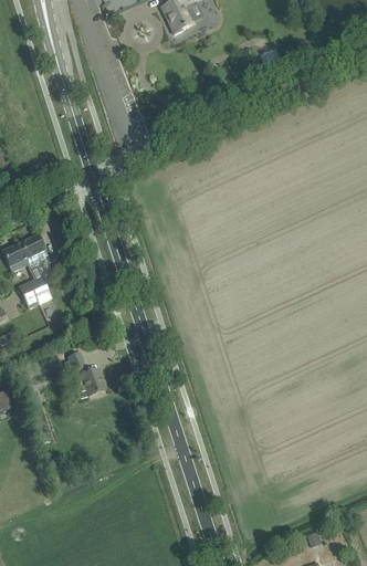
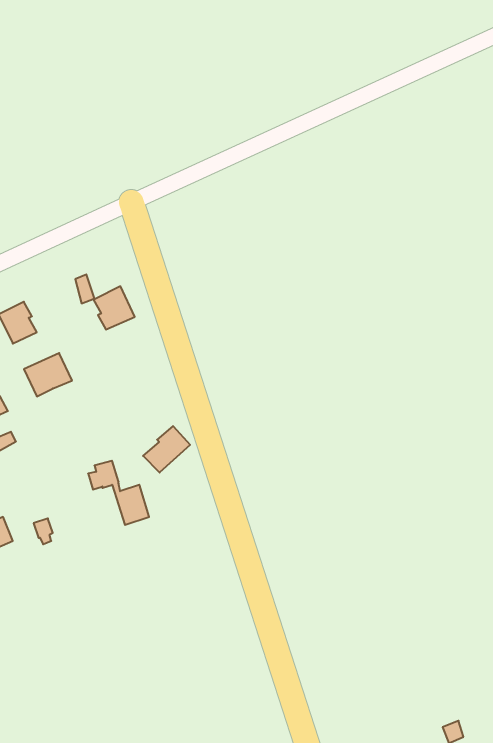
building: [19,232,48,262] -> [93,286,135,330]
building: none -> [143,426,190,473]

